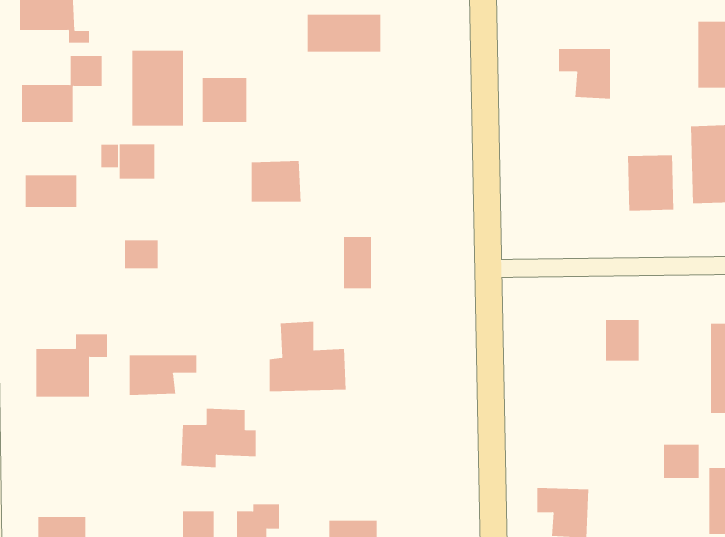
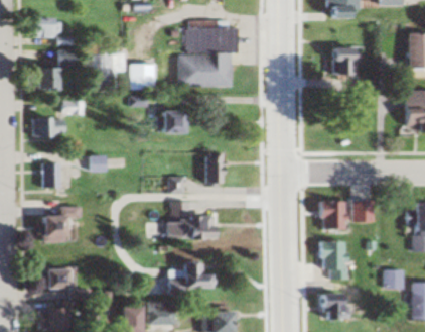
building: none -> [182,54,233,86]
building: [119,143,155,179] -> none
building: [627,154,674,211] -> none
building: none -> [42,162,66,187]
building: none -> [320,201,345,229]
building: [129,354,197,396] -> none
building: none -> [321,240,348,279]
building: [180,408,256,468] -> [169,261,211,295]
building: none -> [41,268,75,289]

